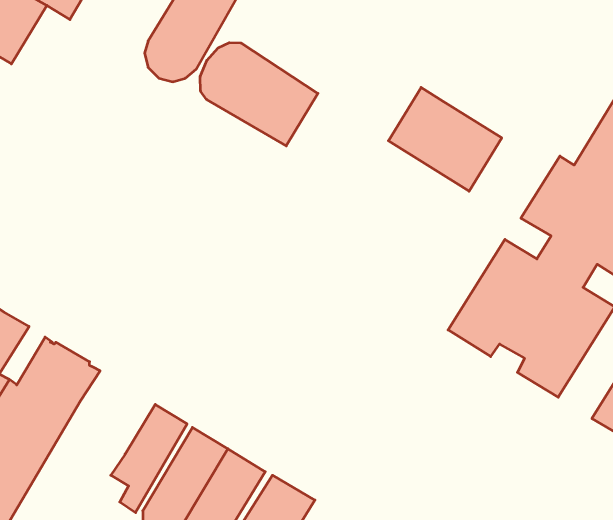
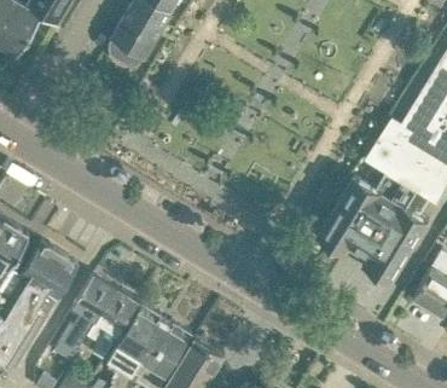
building: [200,43,318,146] -> none
building: [388,87,502,191] -> none
building: none -> [59,273,116,353]

